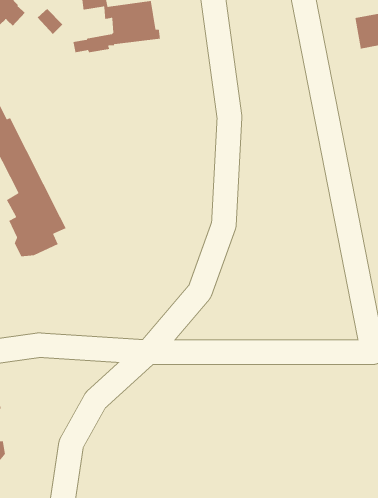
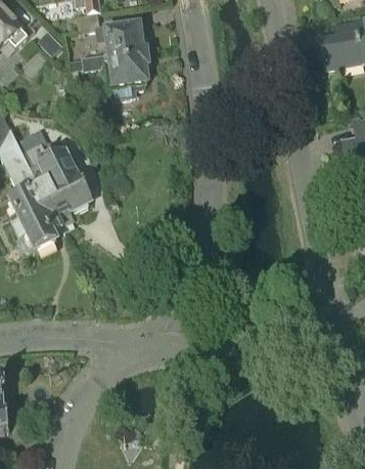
building: none -> [106,56,148,96]
building: none -> [13,114,89,215]

